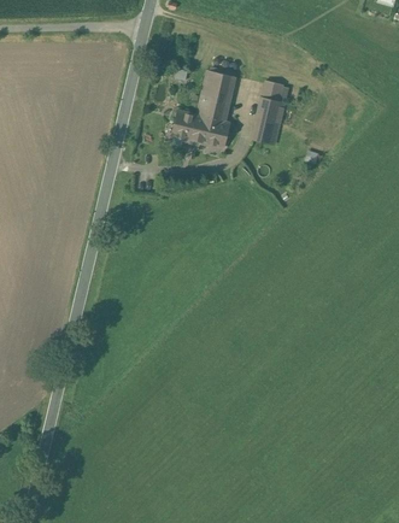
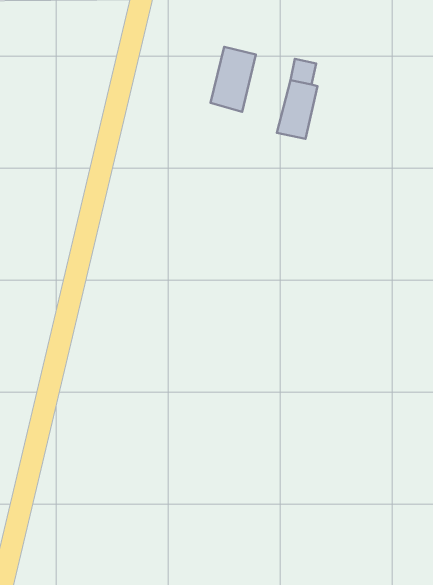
building: [169,111,228,147] -> none

